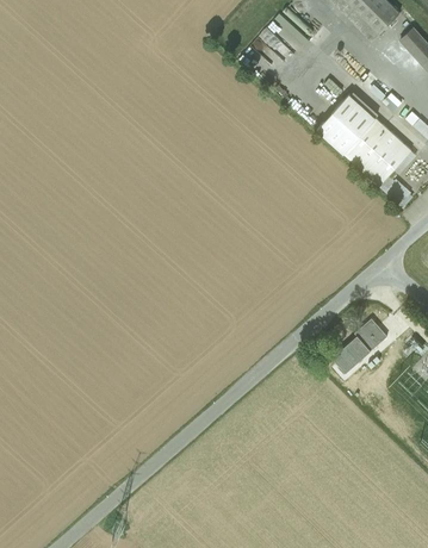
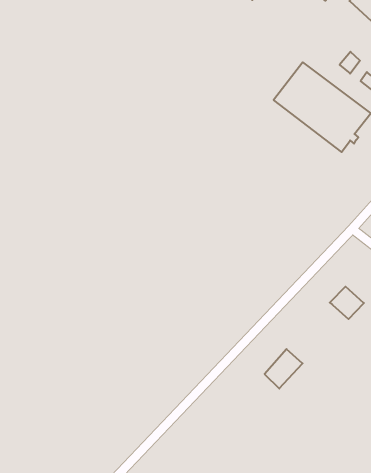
building: [333,336,371,374] -> [265,349,303,389]

